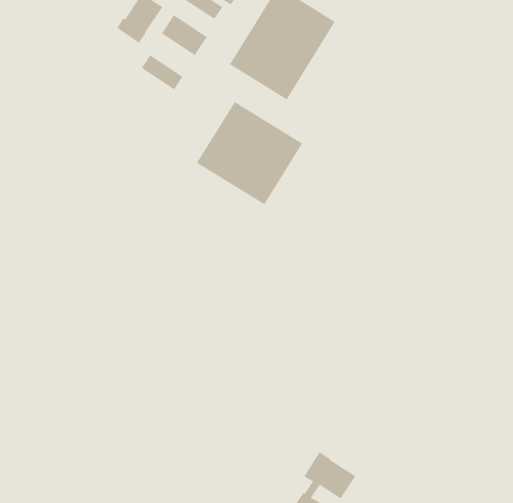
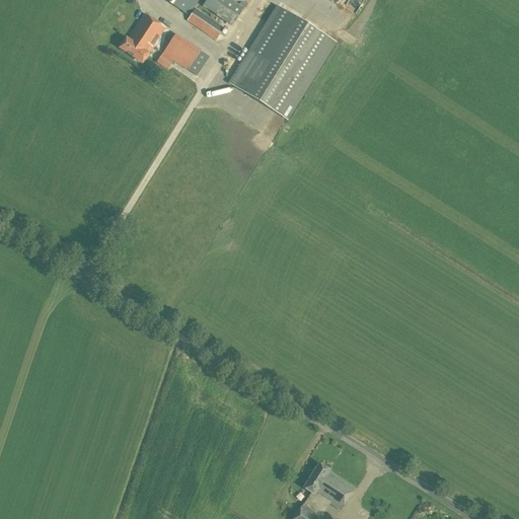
building: [141,55,183,90] -> none
building: [196,101,303,205] -> none

